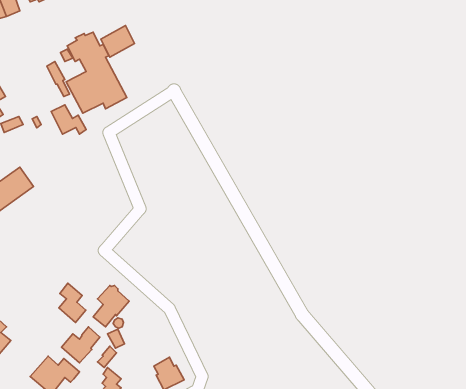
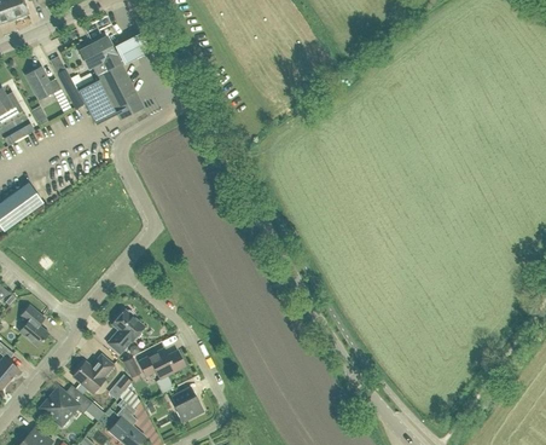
building: [51,105,86,134] -> [25,67,63,98]
building: [59,283,86,323] -> [19,304,48,346]
building: none -> [138,349,185,378]

